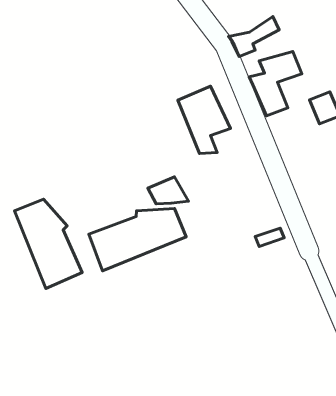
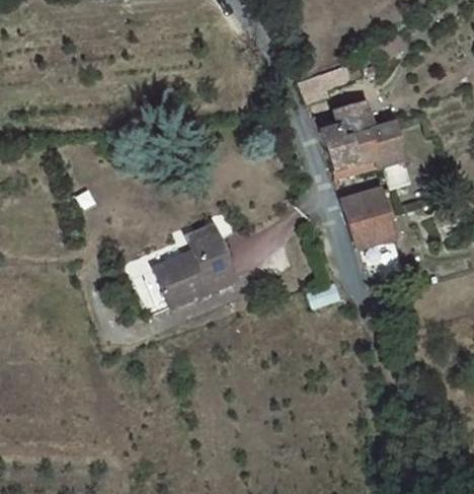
building: none -> [351,119,407,159]
building: [178,86,230,154] -> [343,184,397,257]
building: [15,199,82,288] -> none

